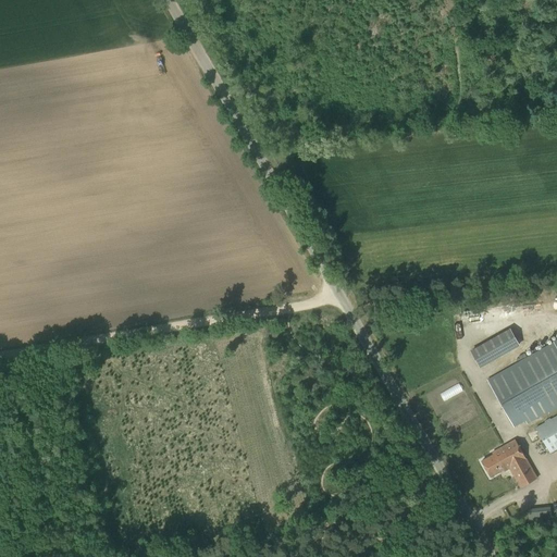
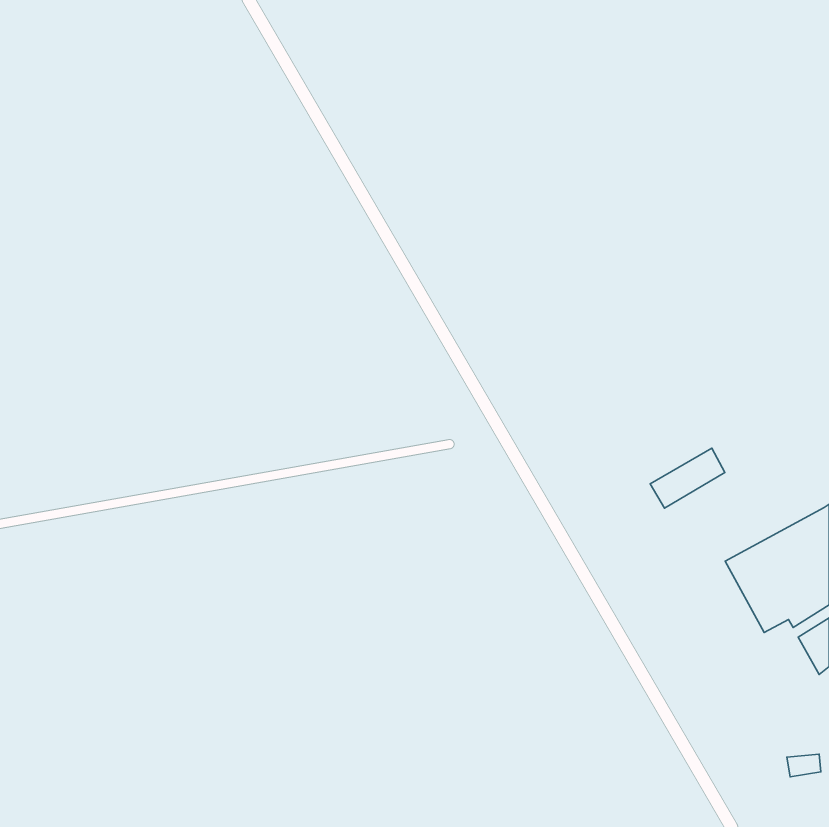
building: [471,329,521,369] -> [650,448,725,508]
building: [482,440,537,487] -> none

